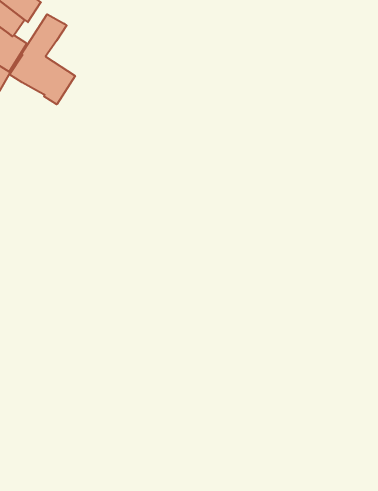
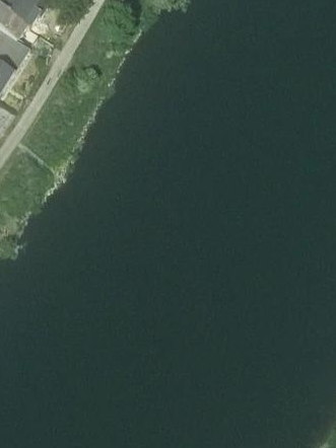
building: [9,14,75,104] -> none

